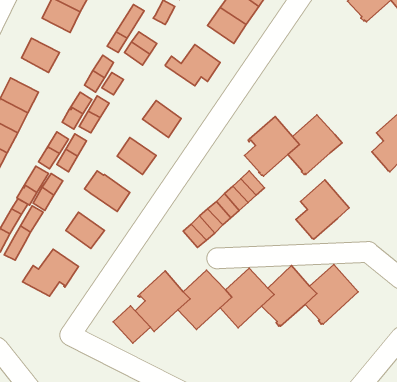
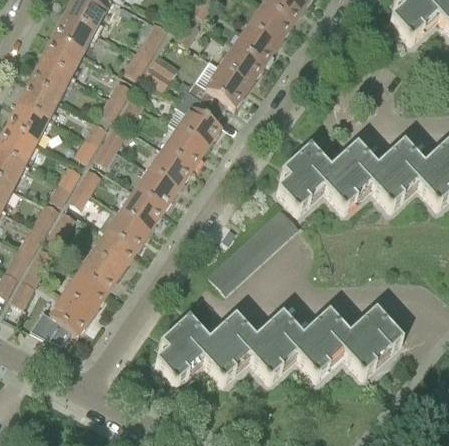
building: none -> [43,33,86,71]
building: none -> [224,41,267,82]
building: none -> [20,77,62,115]
building: none -> [180,85,224,144]
building: none -> [152,145,195,185]
building: none -> [124,186,166,226]
building: [296,180,349,239] -> [374,138,433,204]
building: none -> [95,227,138,268]
building: none -> [67,268,109,308]
building: [113,306,150,343] -> none

